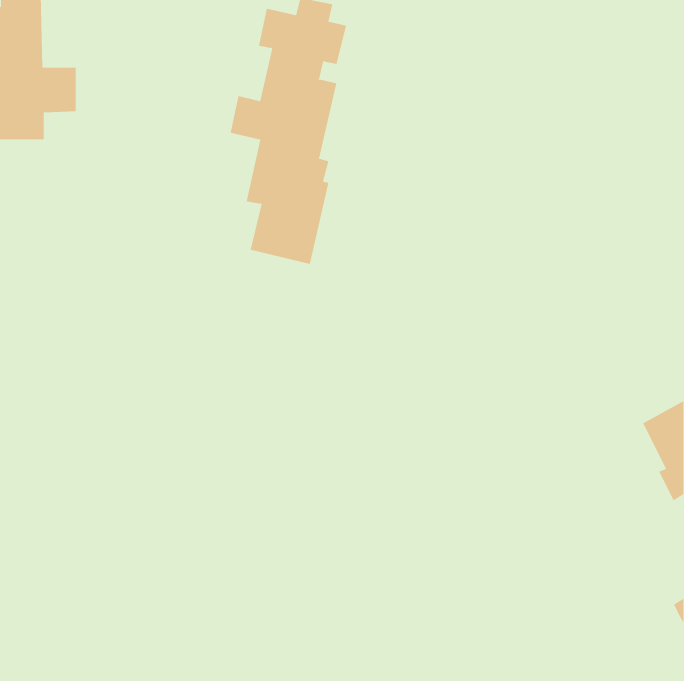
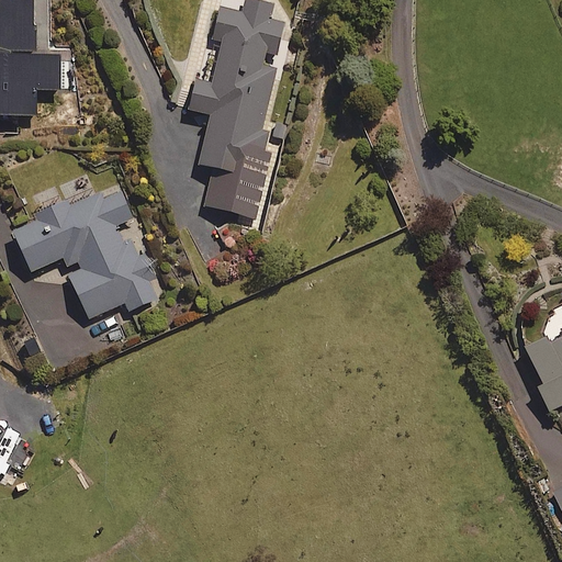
building: none -> [12,188,159,317]

